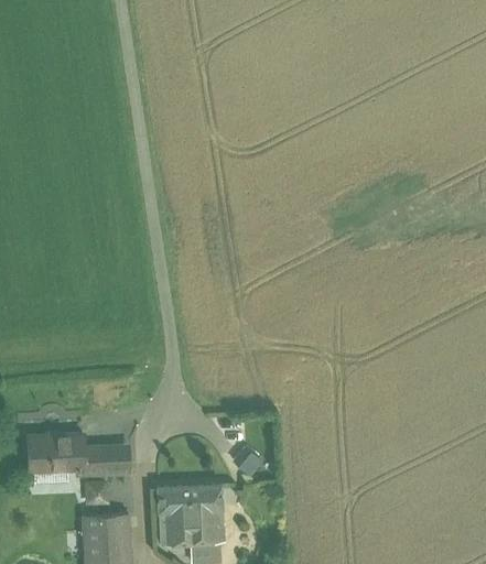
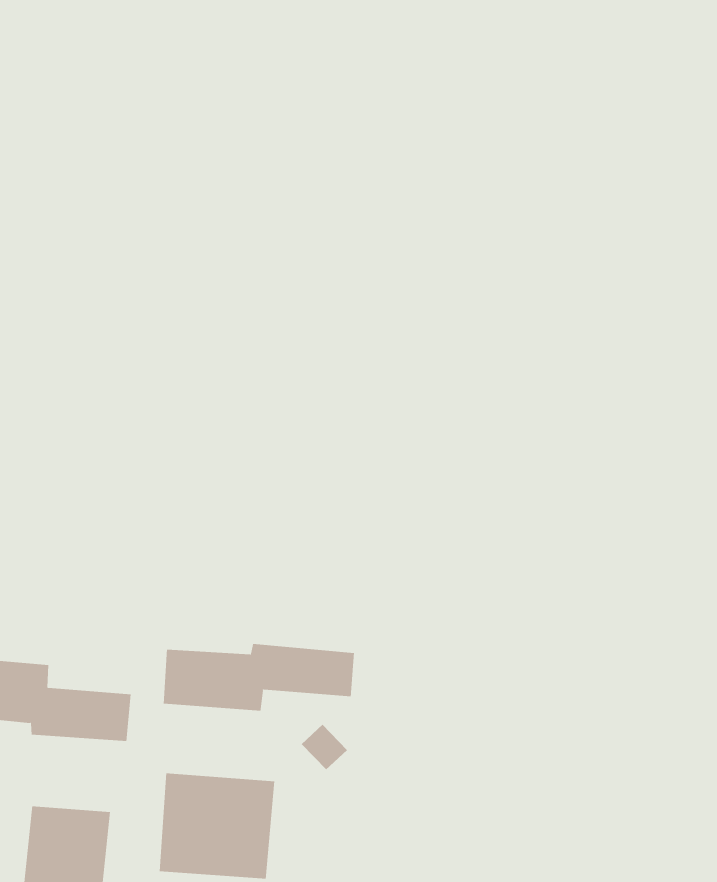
building: none -> [163,643,354,711]

